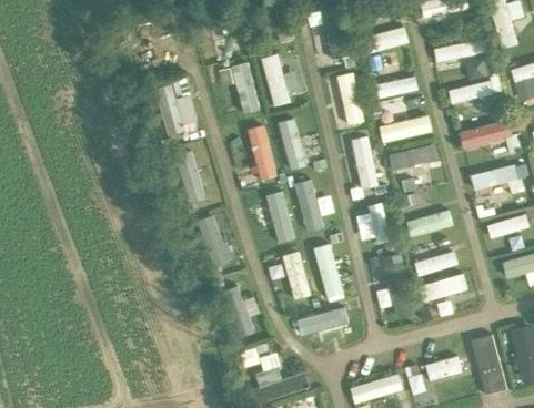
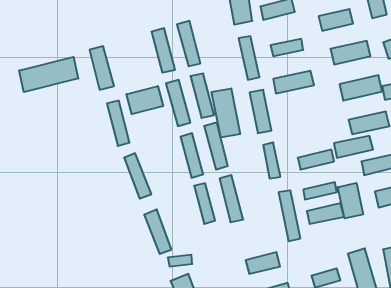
building: none -> [19,57,78,92]
building: none -> [126,86,163,114]
building: none -> [212,88,240,138]
building: [390,144,437,171] -> [334,136,373,158]
building: none -> [338,183,363,218]
building: [303,305,345,332] -> [246,252,280,274]

